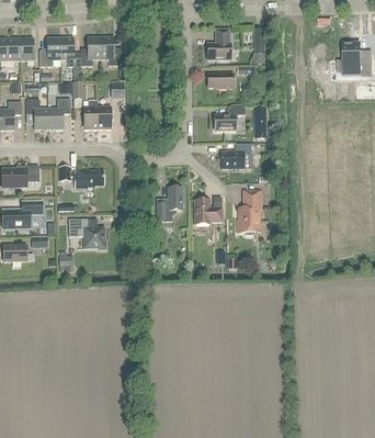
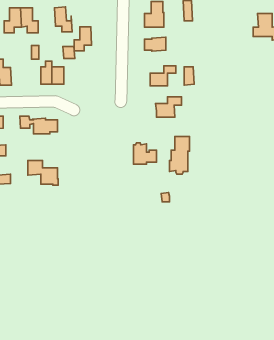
building: [80,36,101,65] -> [74,27,92,51]
building: [47,98,70,128] -> none
building: [157,187,183,221] -> none

